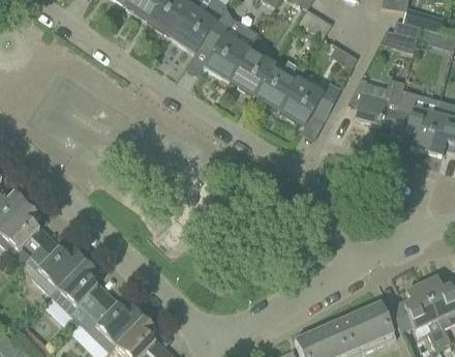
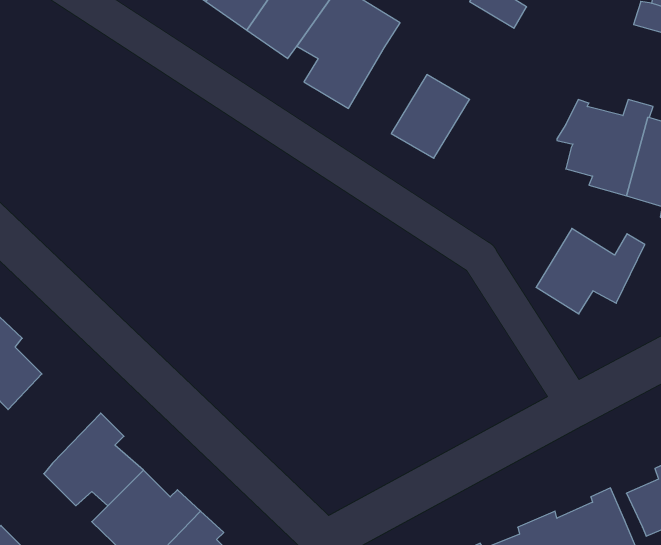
building: [229,47,274,96] -> none
building: [278,77,341,126] -> [536,228,645,314]
building: [31,236,85,294] -> none

